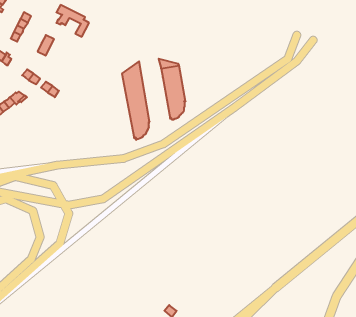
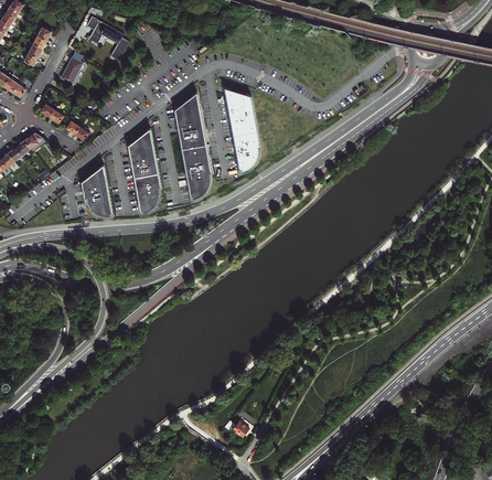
building: none -> [128,130,161,213]
building: none -> [82,166,113,216]

